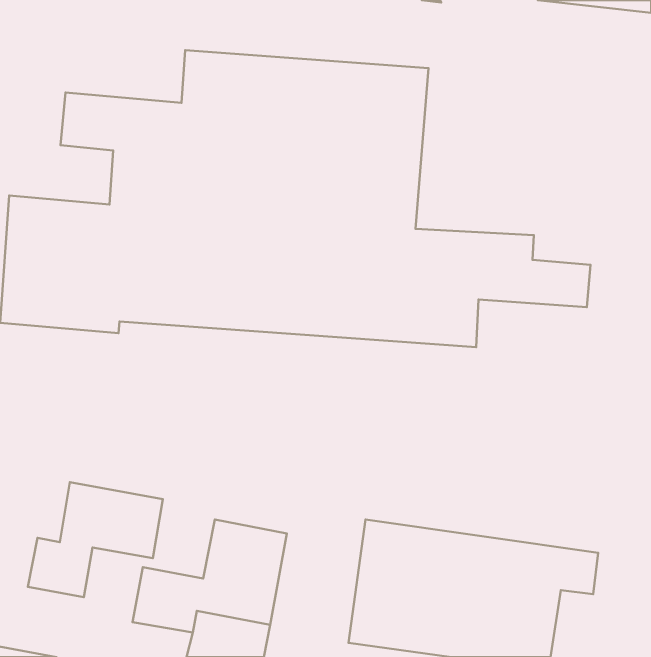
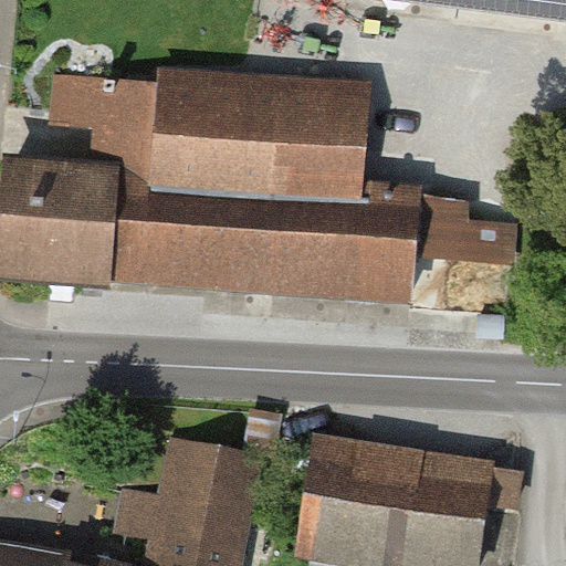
building: [28,482,163,597] -> none

